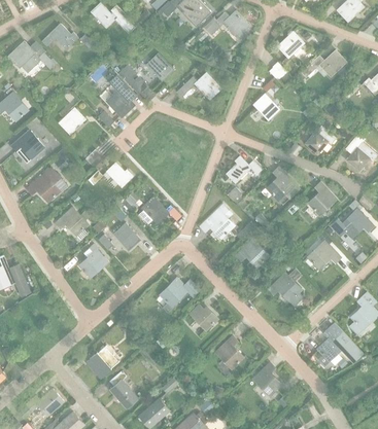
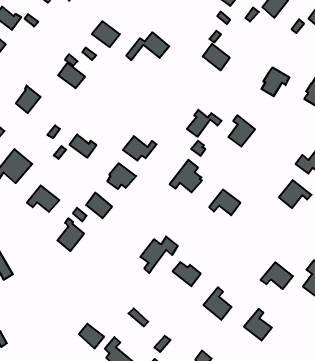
building: none -> [123,136,157,161]
building: [308,183,336,215] -> none
building: [268,274,301,301] -> [261,262,293,289]

